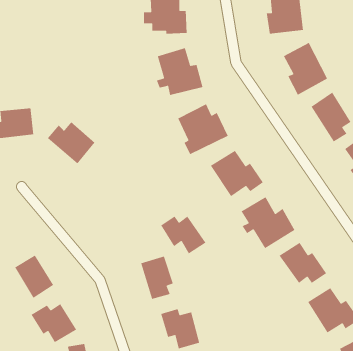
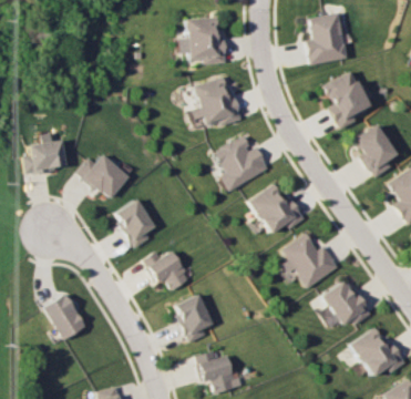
building: none -> [114,198,155,248]
building: [160,216,207,255] -> [143,250,192,291]
building: [31,303,77,343] -> none

